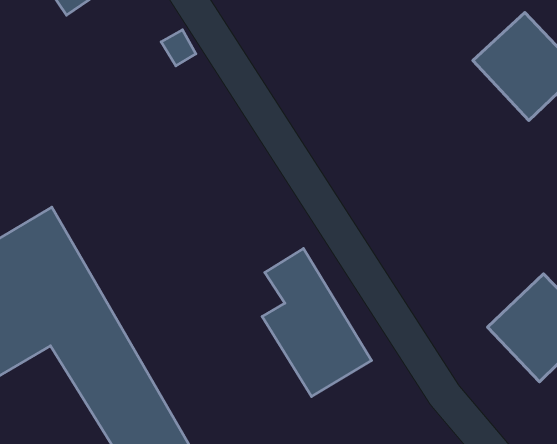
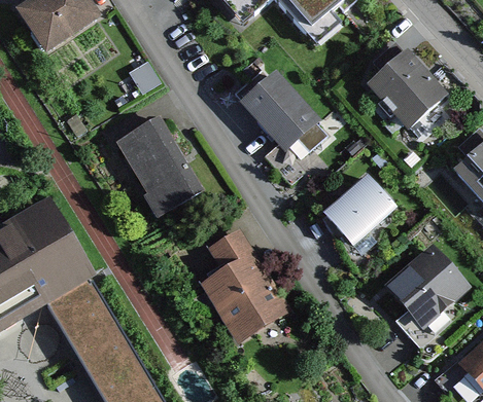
building: none -> [241,73,320,156]
building: none -> [118,117,204,214]
building: none -> [324,178,398,251]

